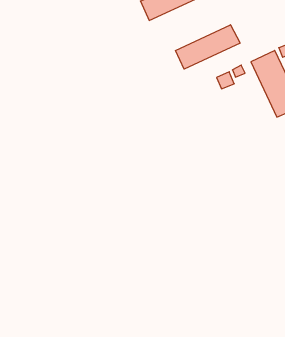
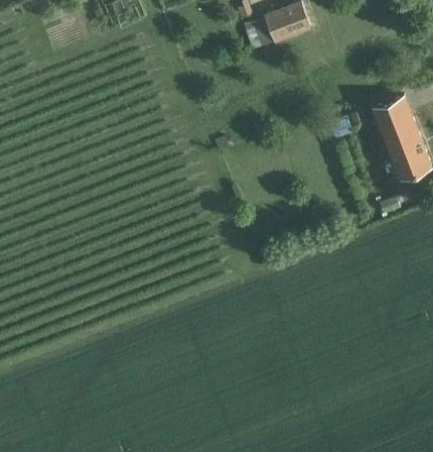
building: [176,25,240,69] -> none

